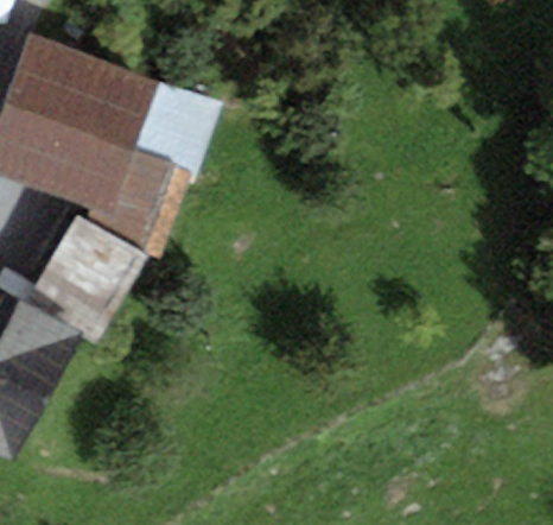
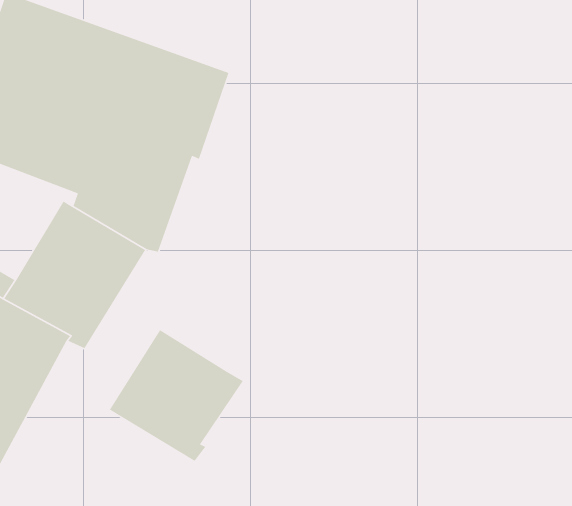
building: none -> [109,329,244,462]

